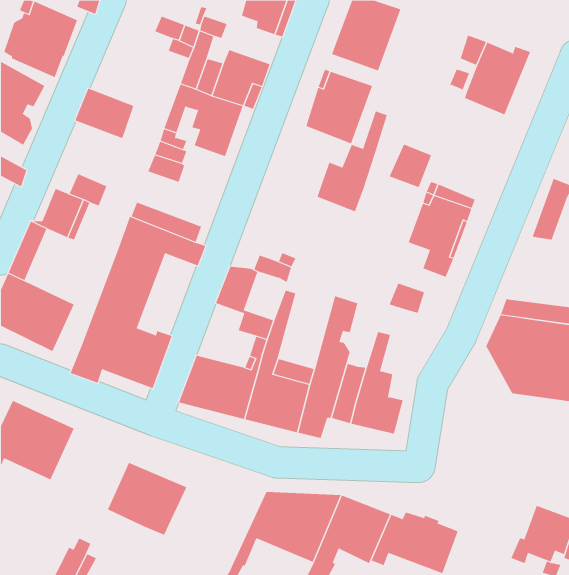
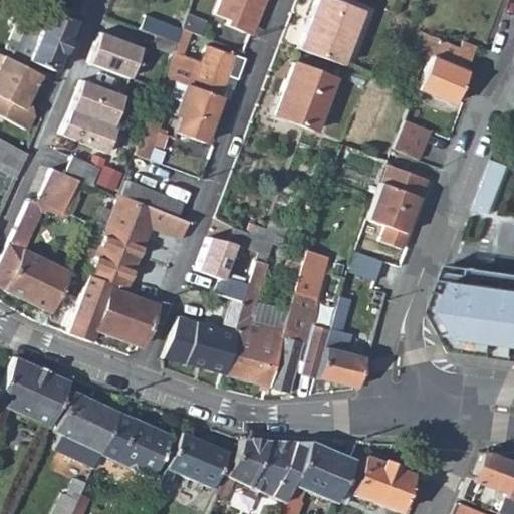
building: none -> [91,32,144,78]
building: [317,110,388,212] -> none
building: none -> [62,108,118,152]
building: [389,144,432,188] -> [394,120,432,160]
building: none -> [55,392,120,467]
building: none -> [157,432,229,493]

